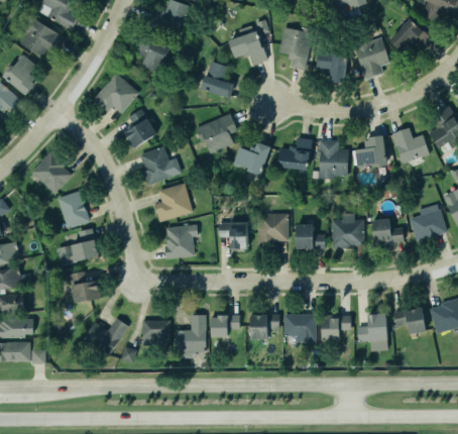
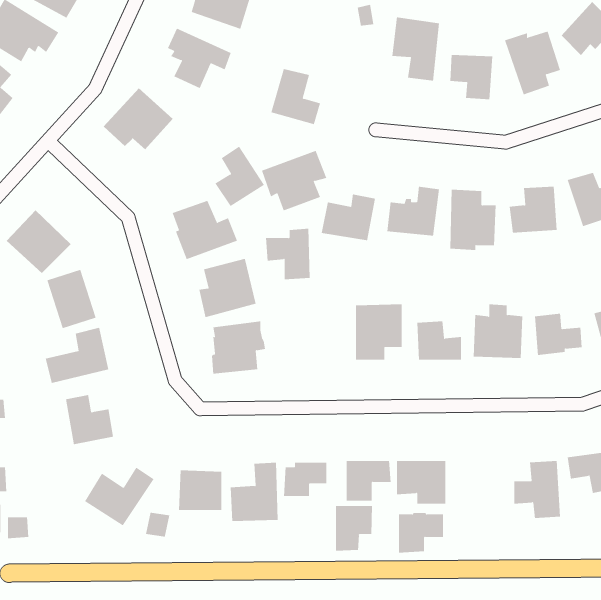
building: [227,30,266,64] -> none
building: [123,109,155,148] -> [215,146,265,207]
building: [219,217,248,250] -> [265,228,311,280]
building: [321,314,350,340] -> [398,512,444,553]
building: none -> [336,505,373,552]

